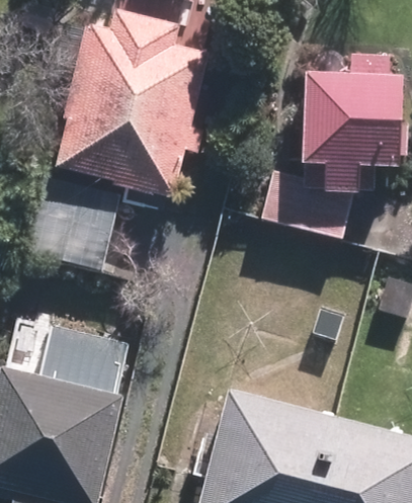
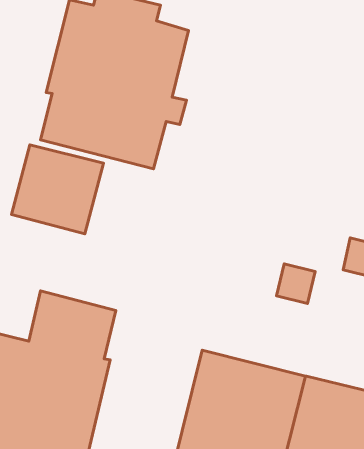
building: [253,73,388,234] -> none

